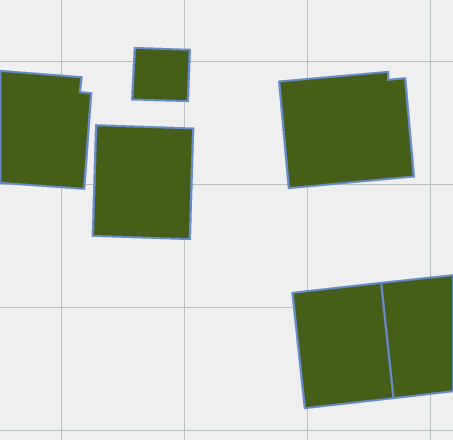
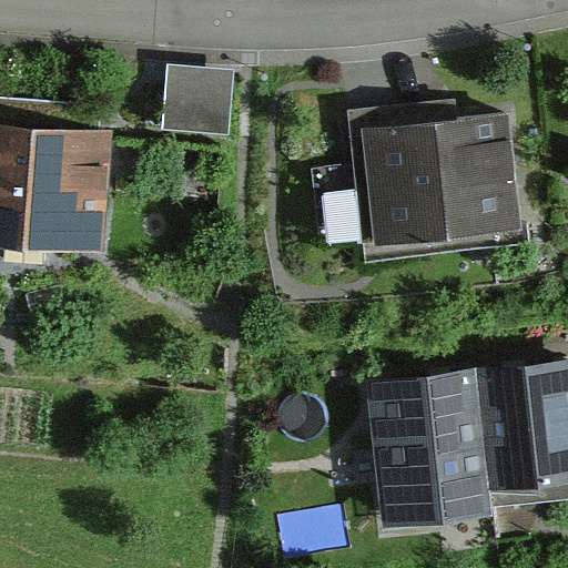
building: [93,125,193,239] -> none

